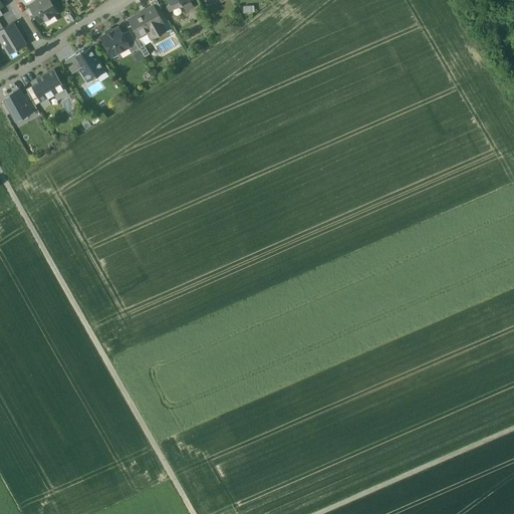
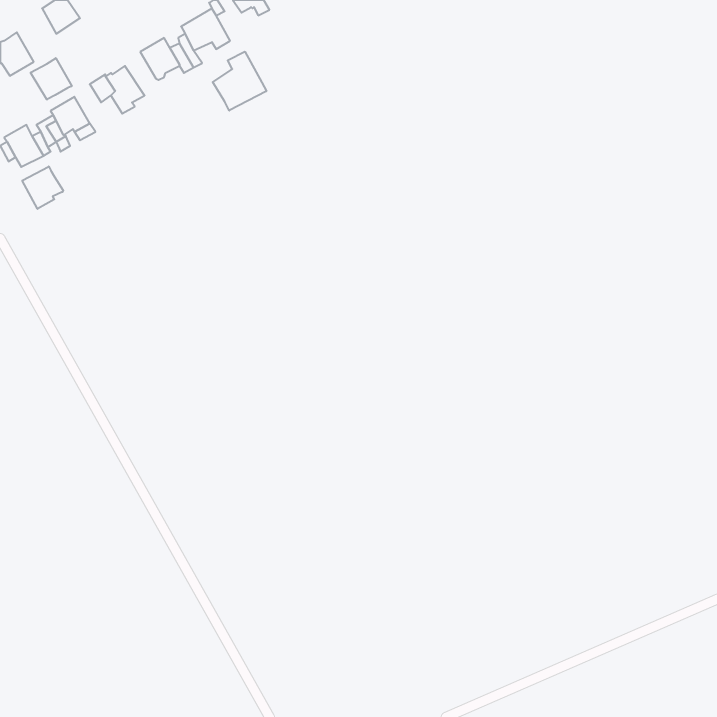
building: none -> [213,52,266,111]
building: none -> [31,58,72,100]
building: none -> [22,166,63,209]

